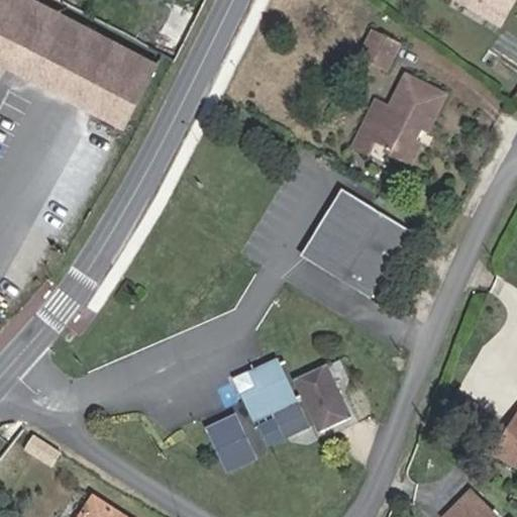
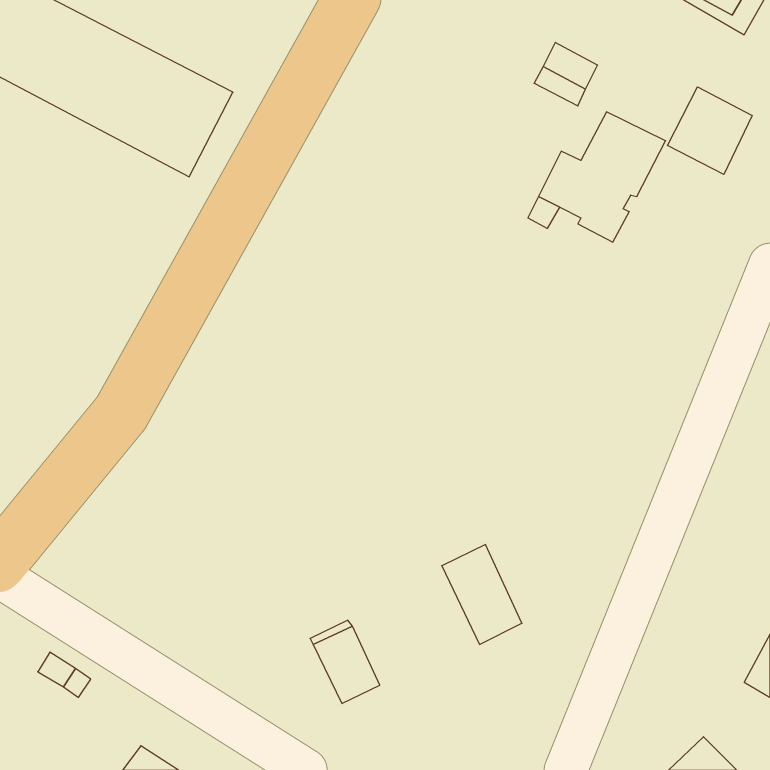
building: none -> [668,87,752,174]
building: [307,195,407,294] -> none
building: [232,365,306,443] -> none

